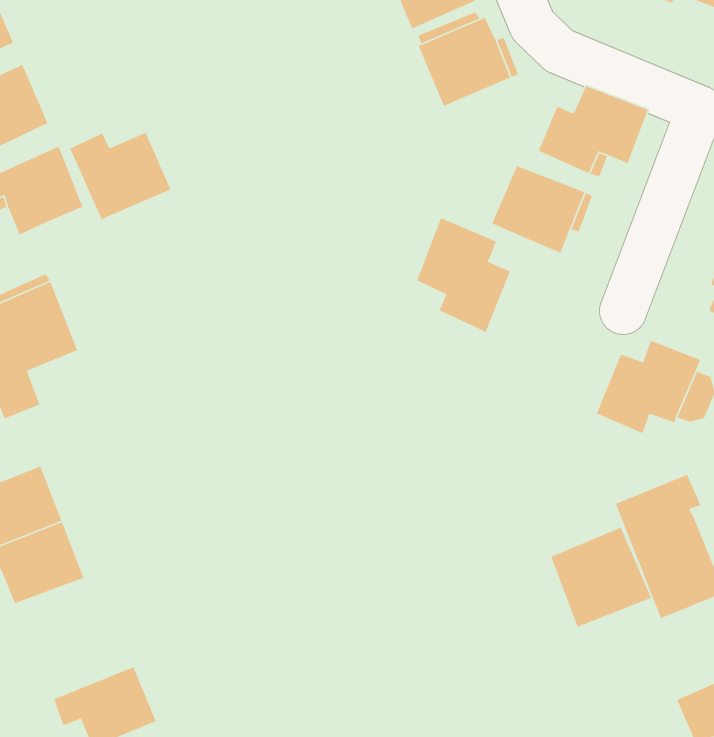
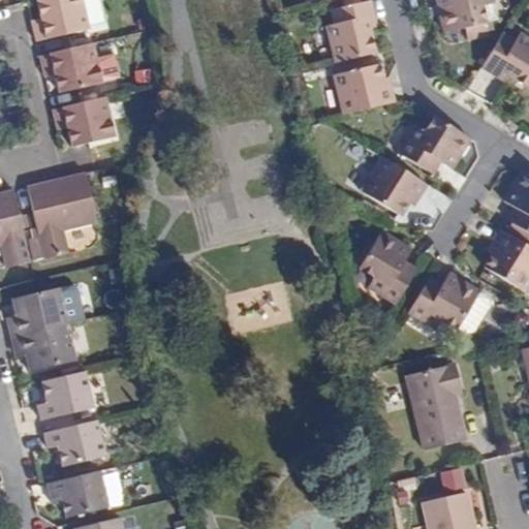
building: [69,132,172,220] -> none
building: [416,217,511,333] -> [354,234,413,309]
building: [550,527,652,628] -> none
building: none -> [37,374,94,419]

